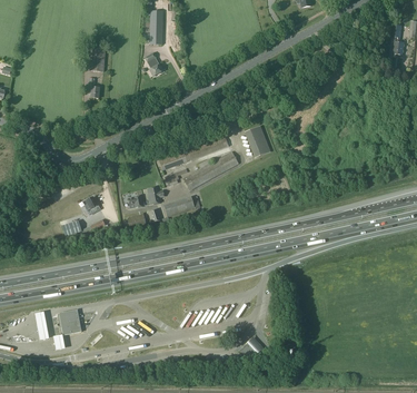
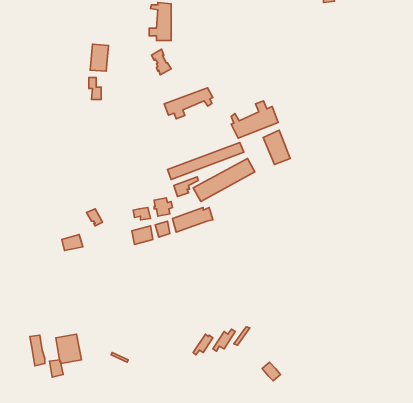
building: none -> [164,88,213,119]
building: none -> [231,101,278,138]

